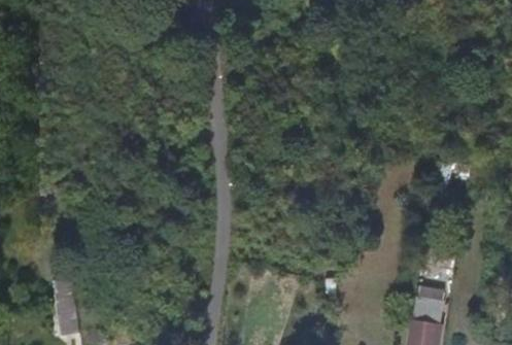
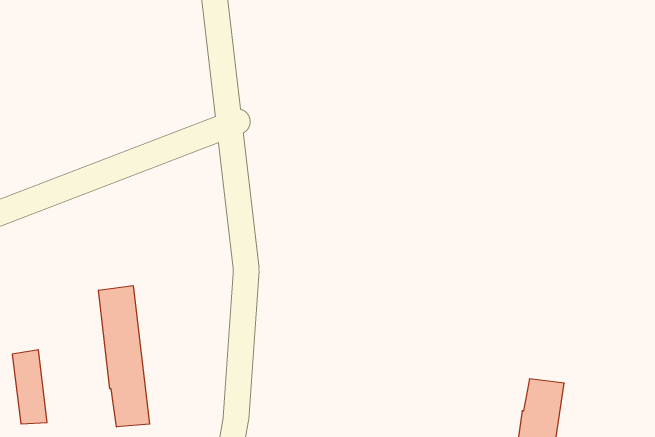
building: none -> [99,286,150,427]

